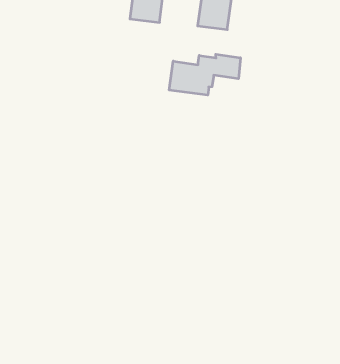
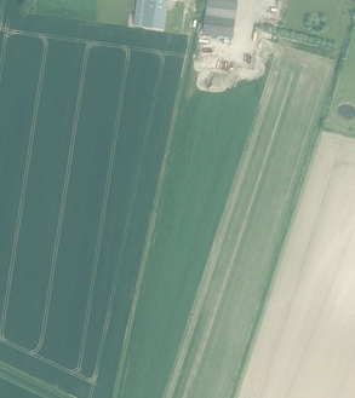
building: [169,54,240,95] -> none

